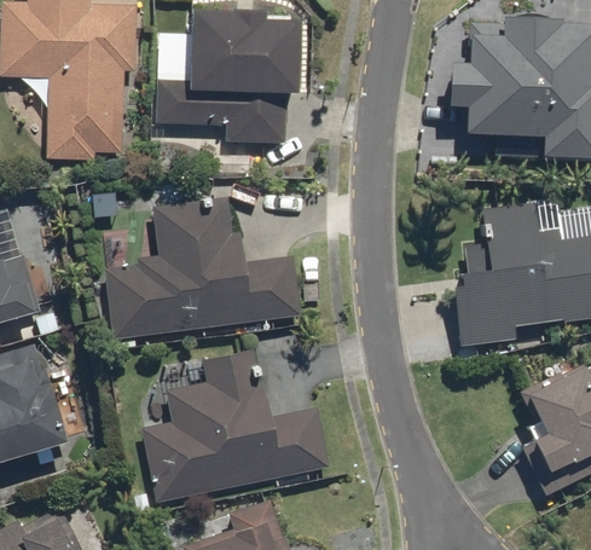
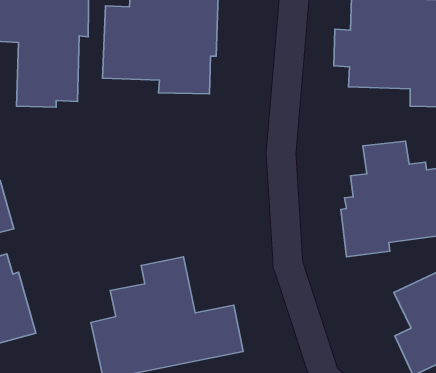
building: [103,197,302,340] -> none

